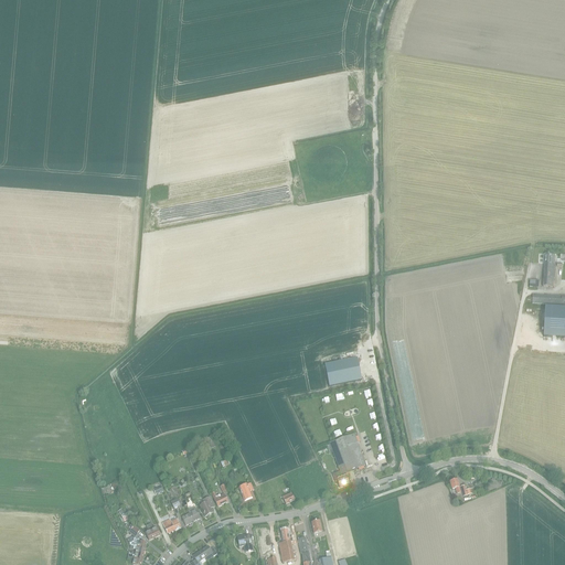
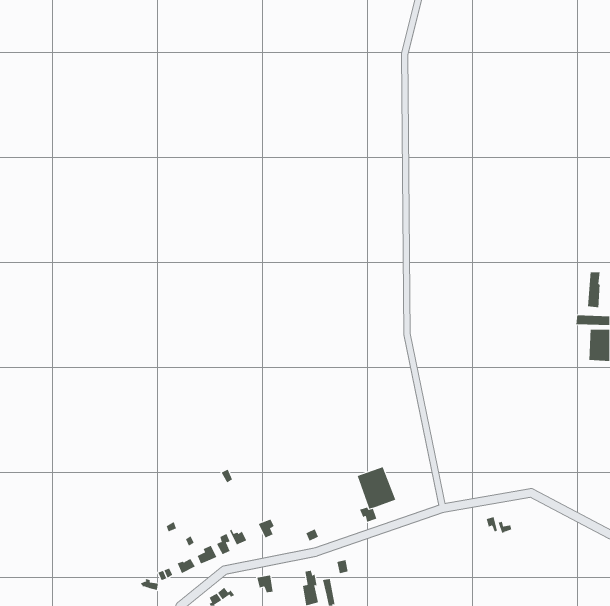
building: [324,355,362,384] -> none

